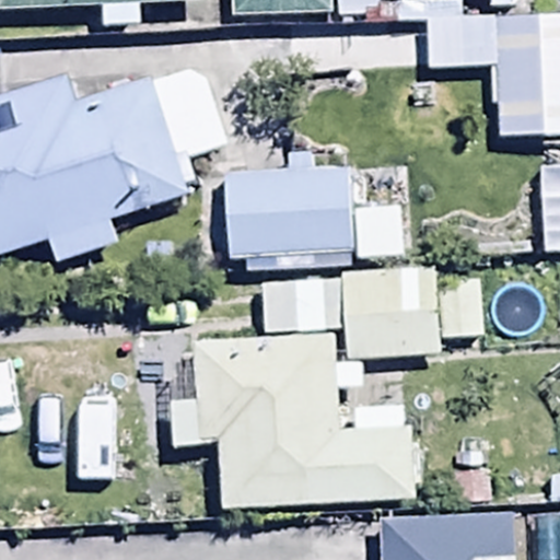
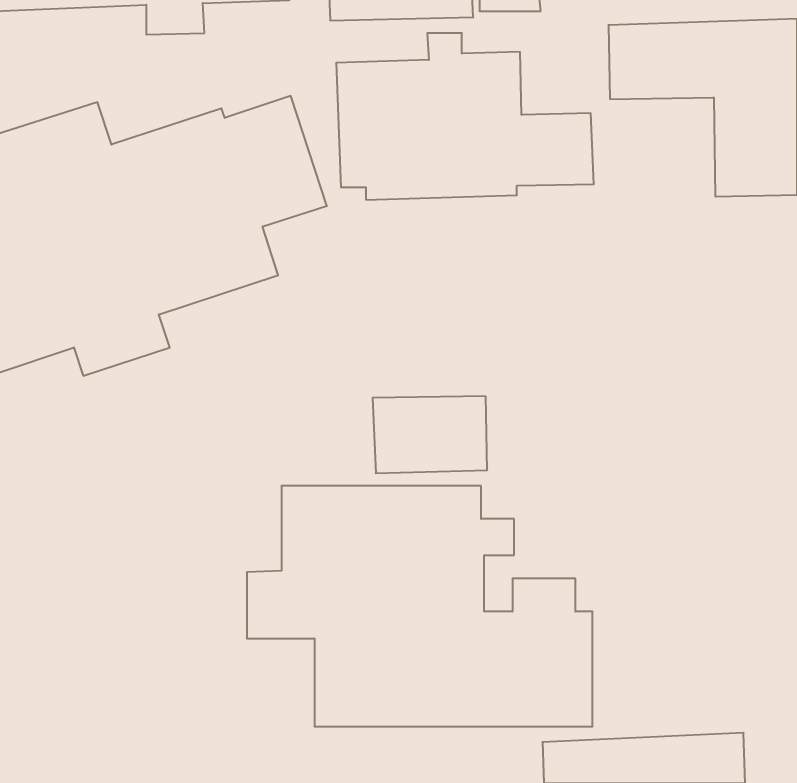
building: [223,151,402,267] -> [336,33,594,200]
building: [347,270,479,355] -> none

